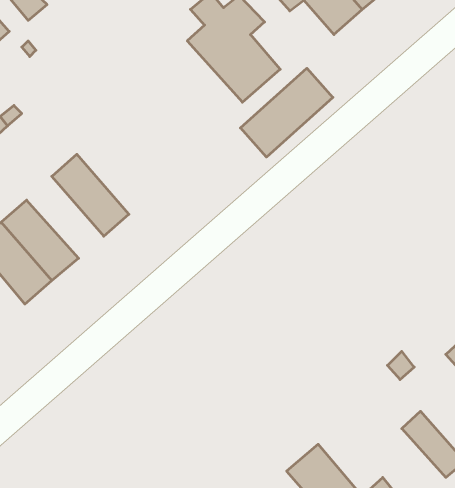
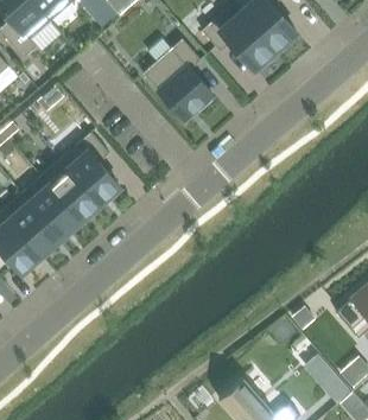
building: [240,68,333,157] -> none
building: none -> [59,134,119,205]
building: none -> [21,177,80,238]

